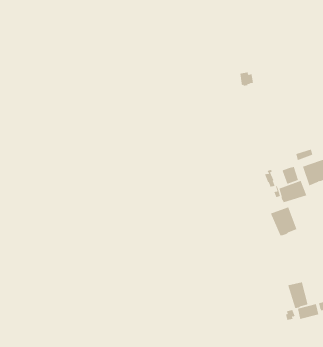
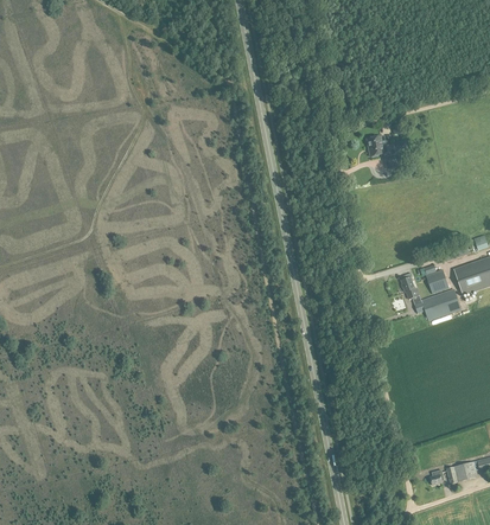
building: [270,207,297,236] -> none
building: [288,281,308,309] -> none

